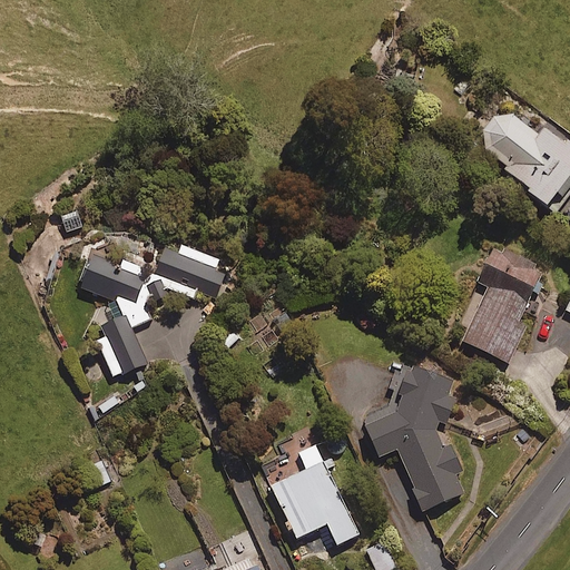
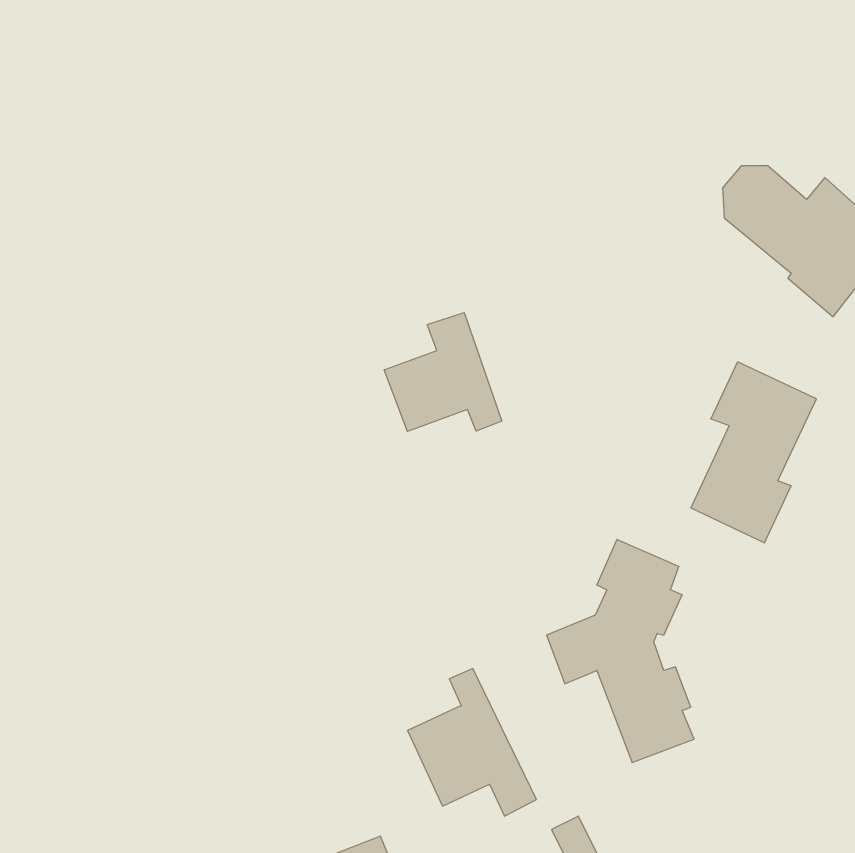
building: none -> [384,313,502,431]
building: [78,243,226,380] -> none

